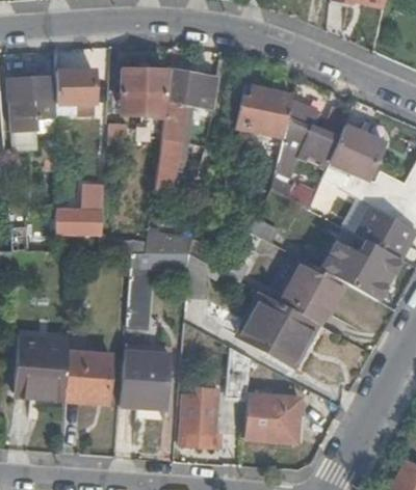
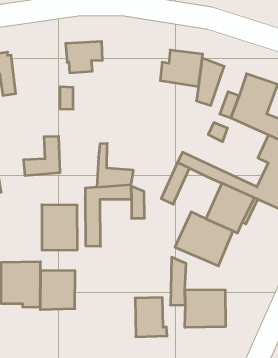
building: [55,71,94,115] -> none
building: [155,71,216,192] -> none
building: [120,348,168,408] -> [42,205,77,250]

